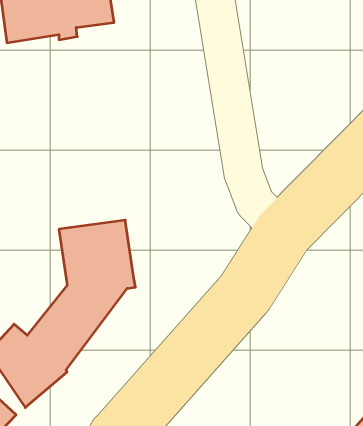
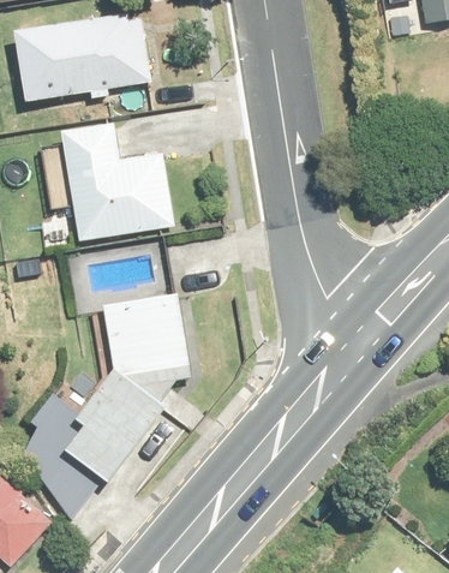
building: none -> [41,120,173,238]

